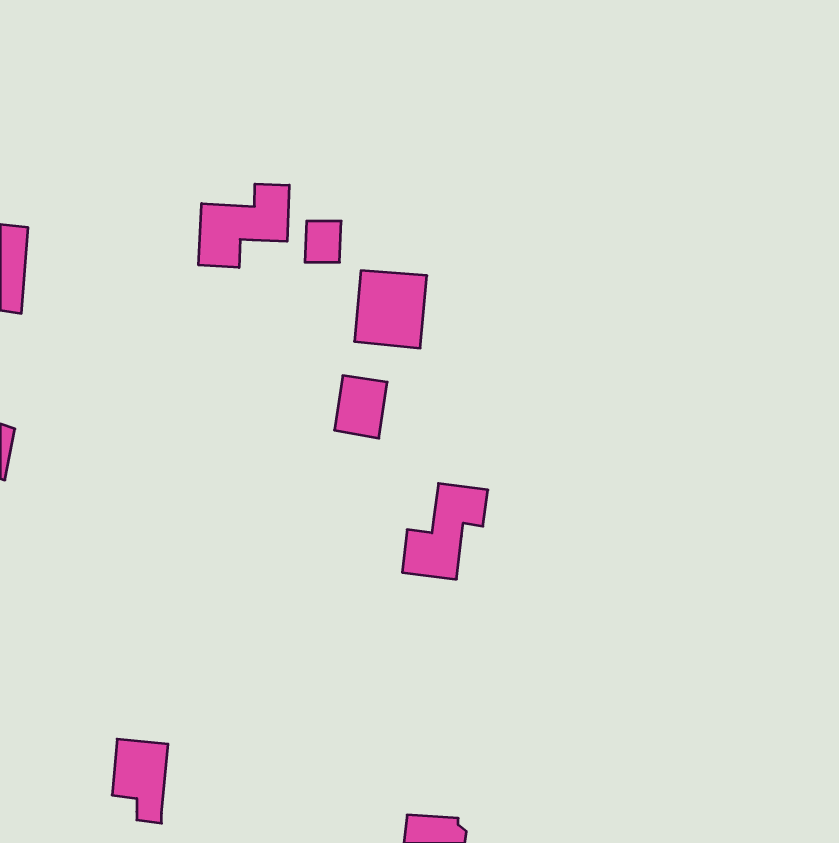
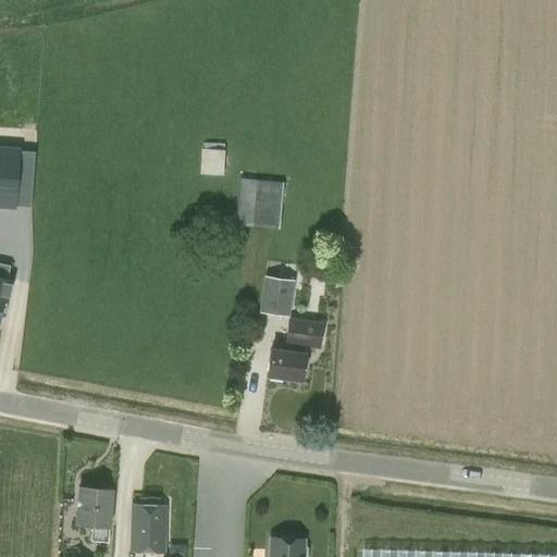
building: [199,184,289,268] -> none
building: [334,376,387,438] -> [260,276,295,318]
building: none -> [131,505,168,552]

